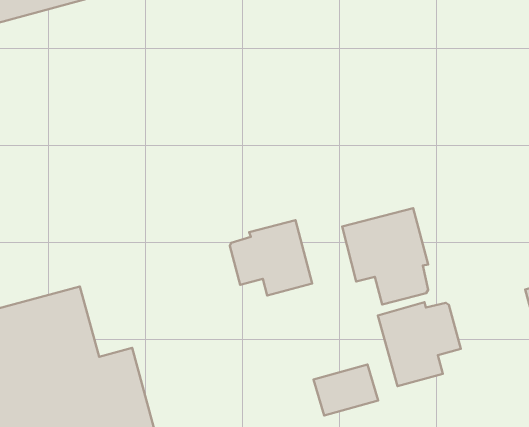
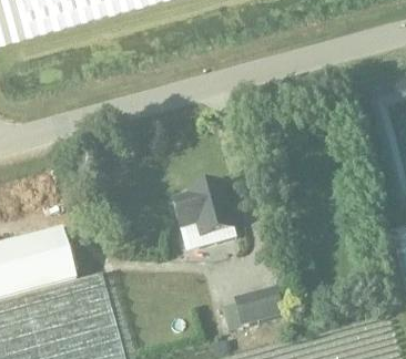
building: [342,208,428,304] -> none
building: [378,302,461,386] -> none

